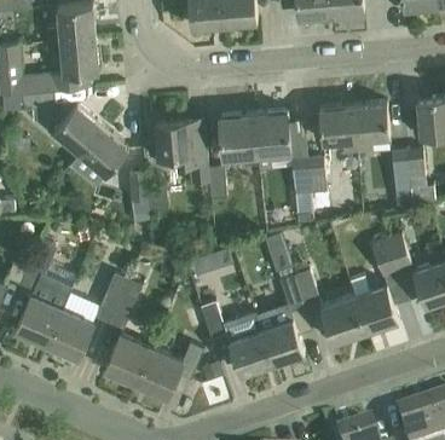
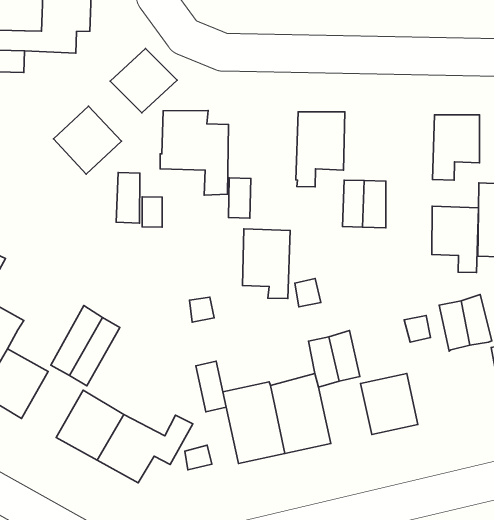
building: [53,105,102,152] -> [110,48,177,113]
building: [319,105,357,154] -> [432,206,479,273]
building: [220,114,258,164] -> [243,229,290,299]
building: [348,278,399,331] -> none

